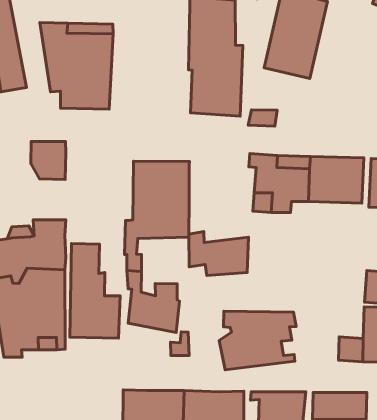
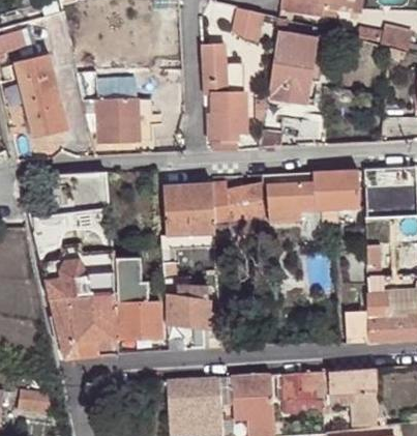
building: [189,231,248,276] -> [210,182,262,220]
building: [219,311,296,370] -> none

